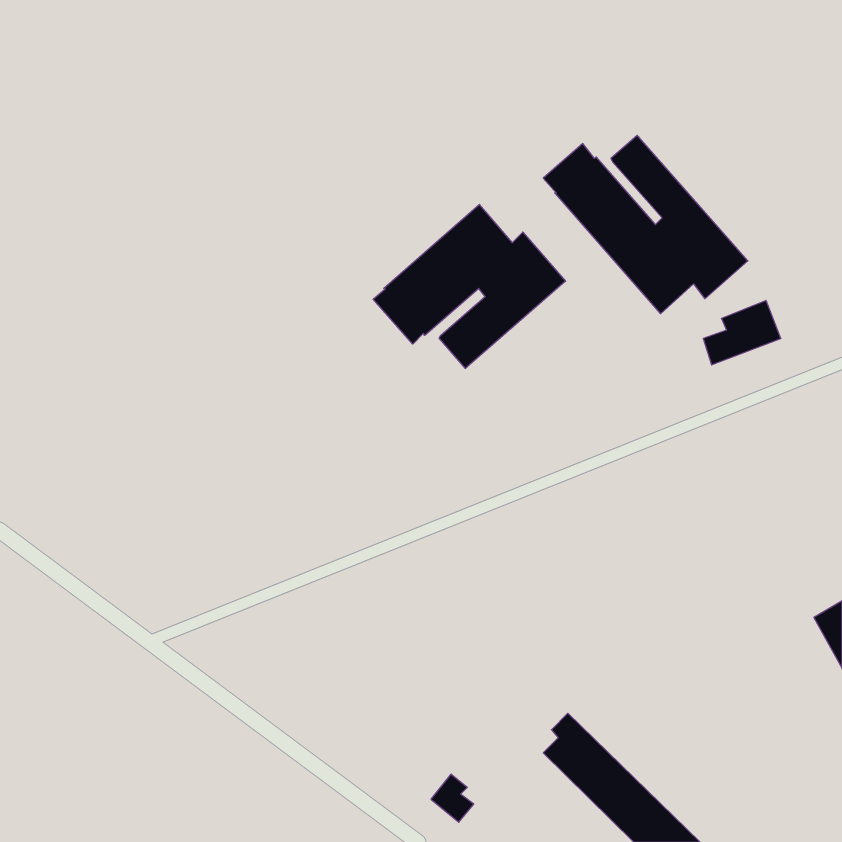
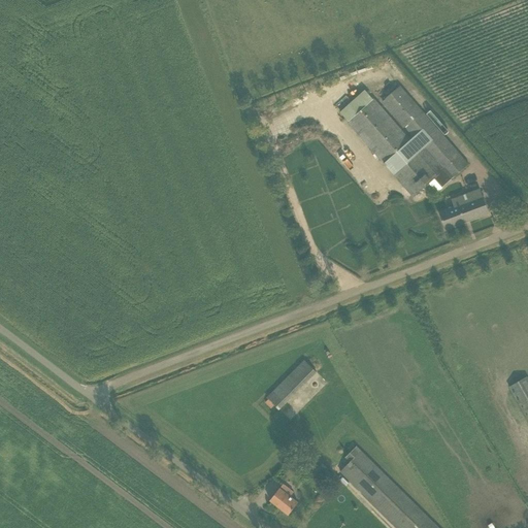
building: [373,204,566,368] -> none
building: none -> [268,359,317,406]

